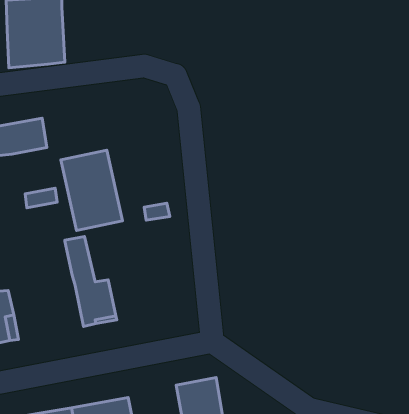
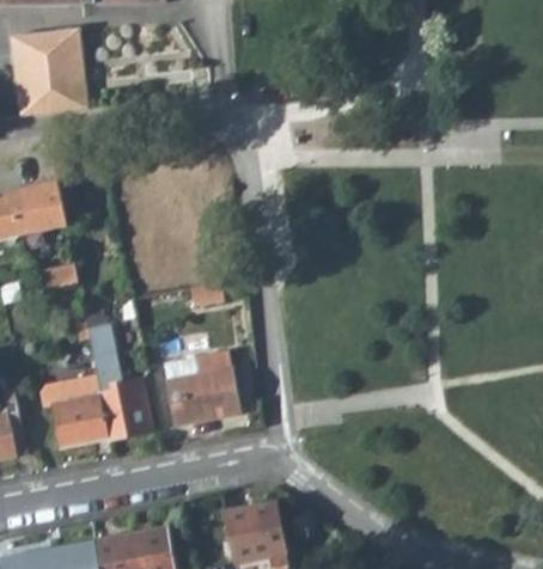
building: [61,150,122,230] -> none
building: none -> [161,350,239,426]
building: none -> [38,374,109,449]

